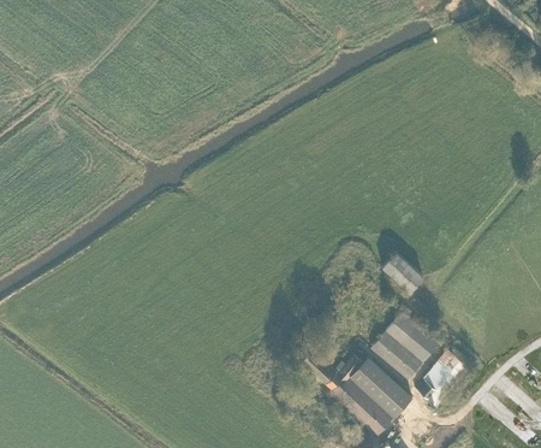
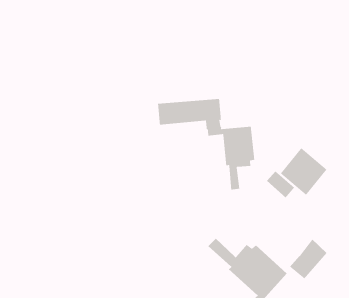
building: none -> [157,98,255,191]
building: [371,310,439,378] -> [280,147,327,196]

